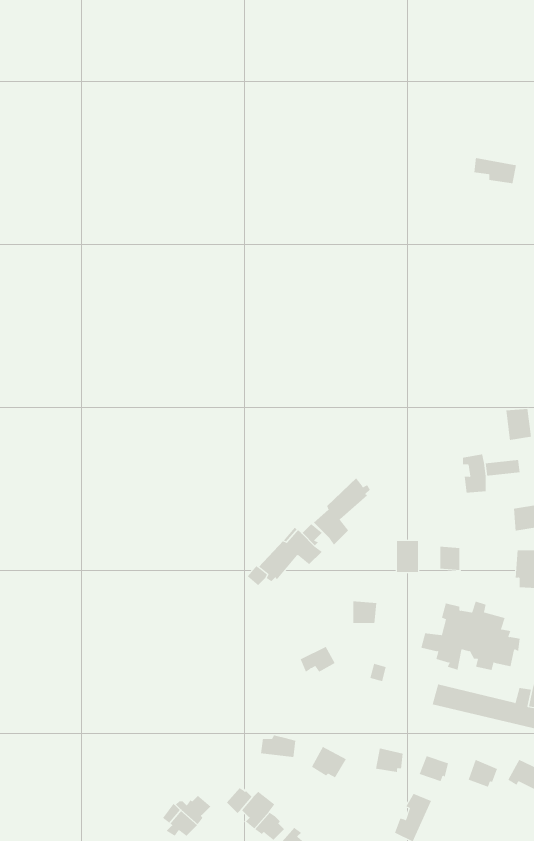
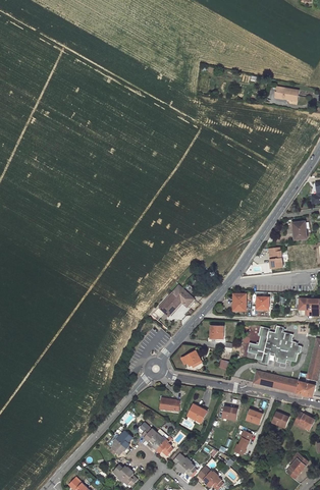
building: [313,478,370,545] -> none

